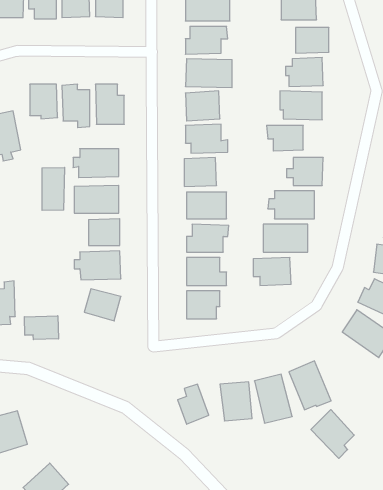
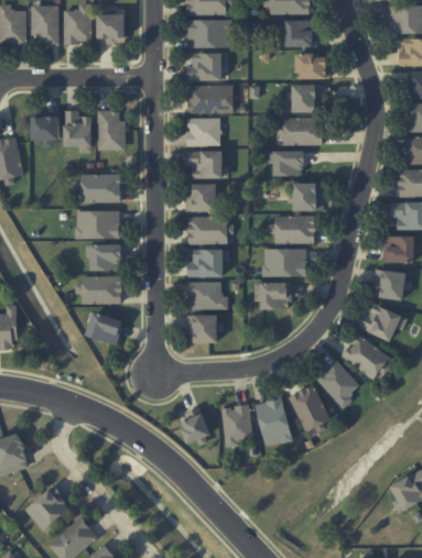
building: [42,167,65,210] -> none
building: [24,316,58,340] -> none
building: [311,410,354,458] -> [316,360,359,408]

